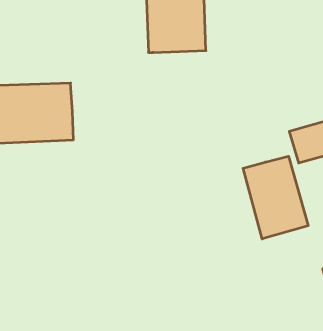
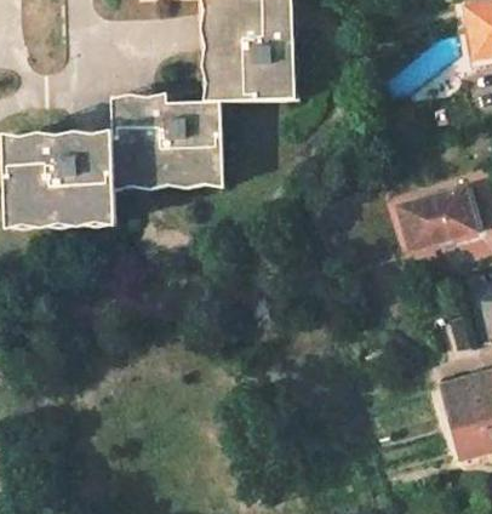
building: none -> [110,103,223,181]
building: [243,156,308,239] -> none

